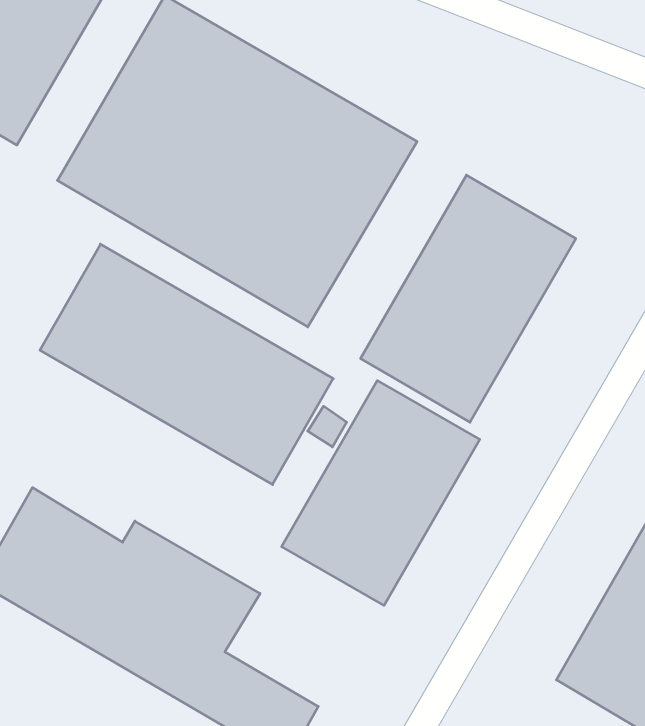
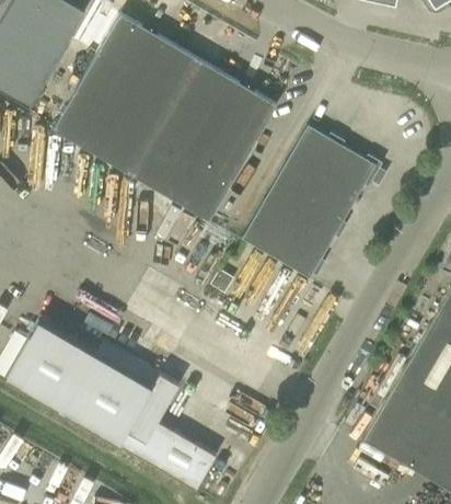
building: [40,244,333,485] -> none
building: [282,381,480,605] -> none

